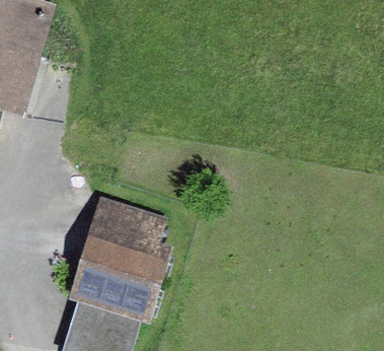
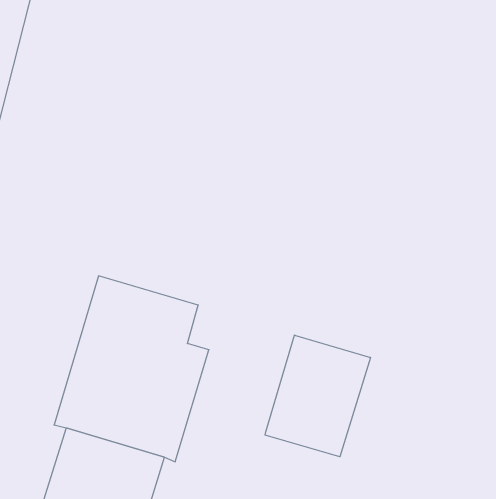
building: none -> [265,335,370,457]

